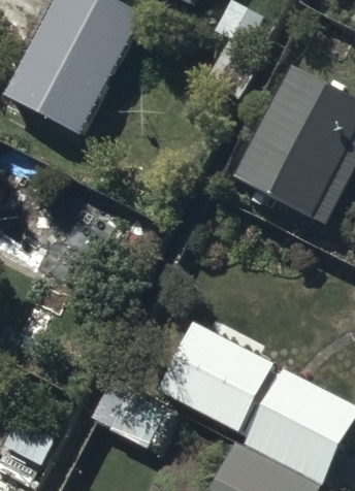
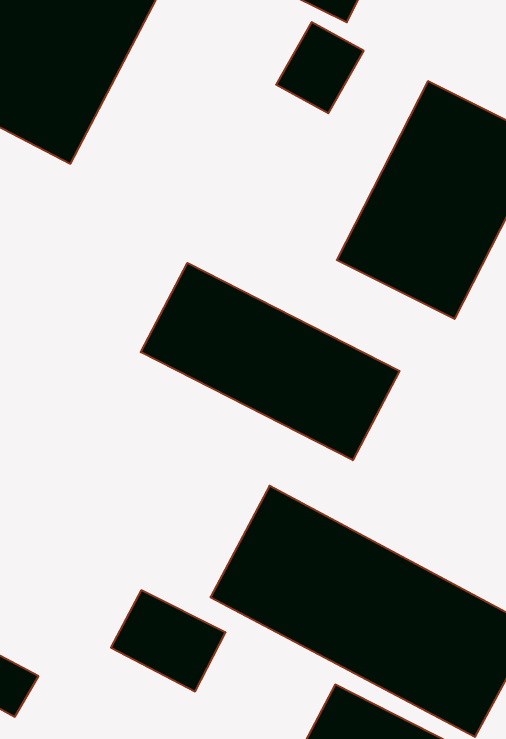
building: none -> [141,263,400,460]

